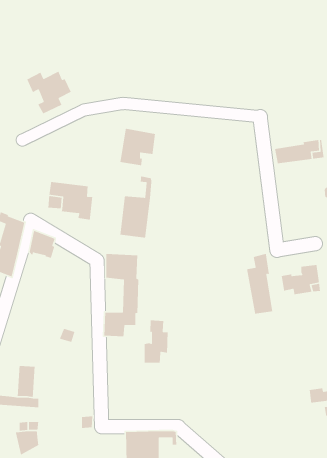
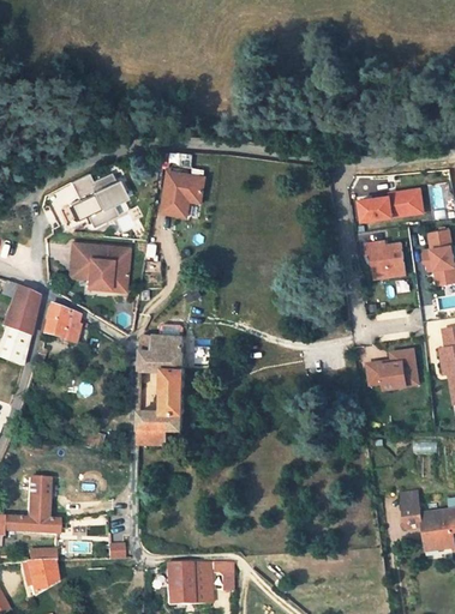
building: [26,71,72,115] -> [71,170,130,227]
building: [119,176,152,239] -> none
building: none -> [365,240,407,277]
building: [246,253,273,314] -> none
building: [144,320,168,363] -> none

